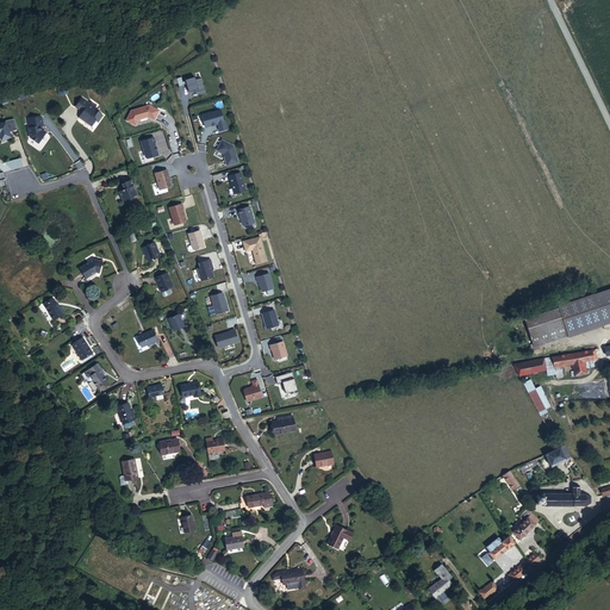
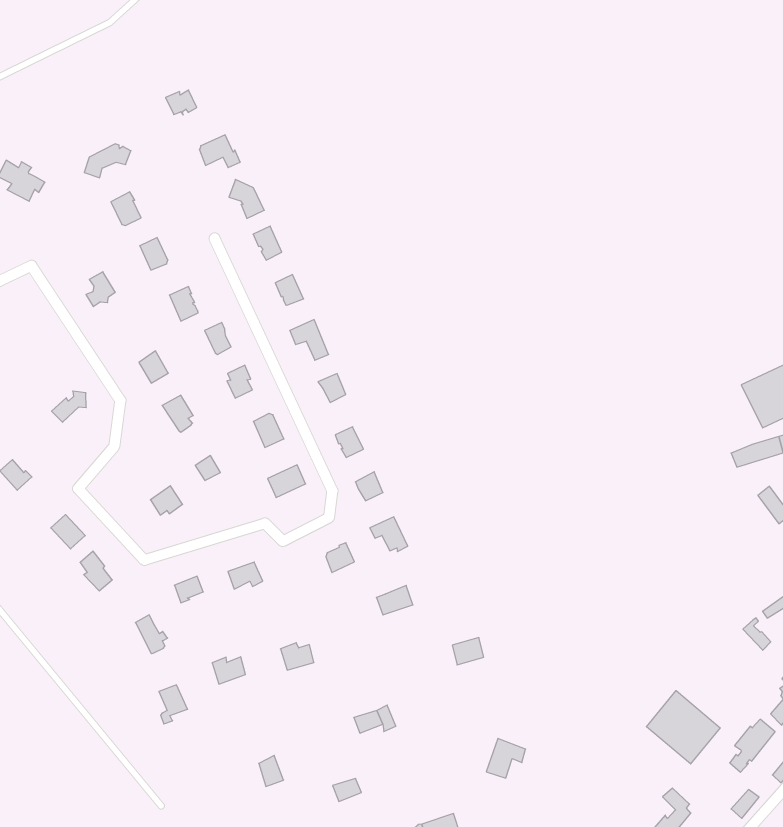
building: none -> [646,691,720,764]

